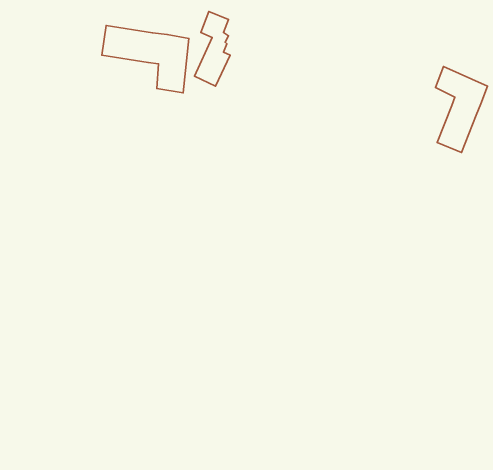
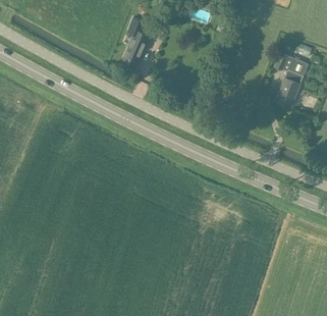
building: [102,26,189,93] -> none

